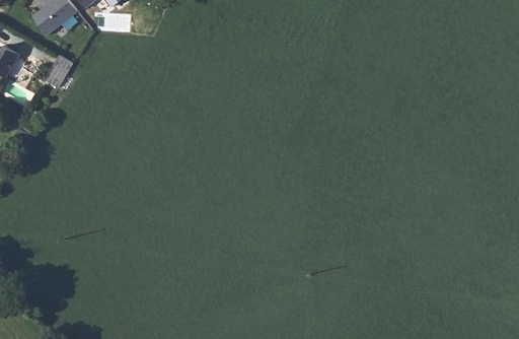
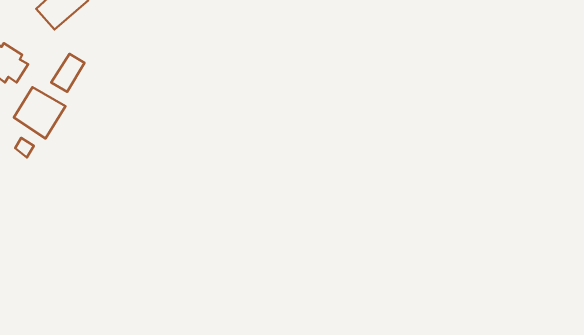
building: none -> [14,87,65,138]

